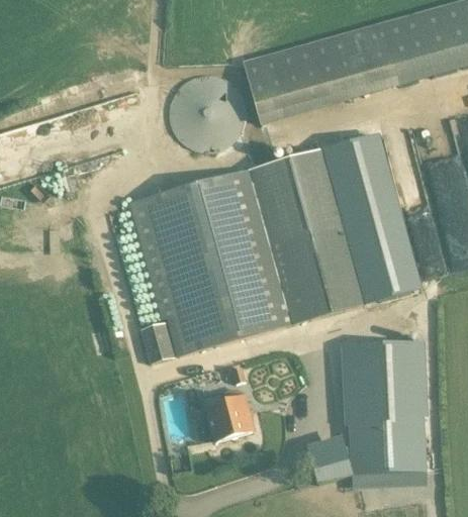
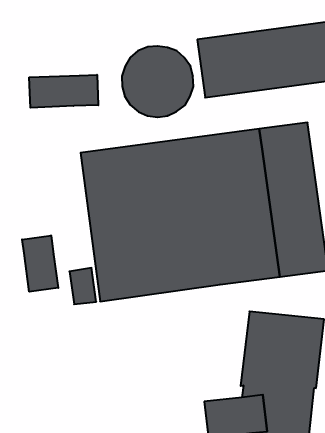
building: none -> [29,75,98,108]
building: none -> [22,235,58,292]
building: [205,388,257,443] -> none

